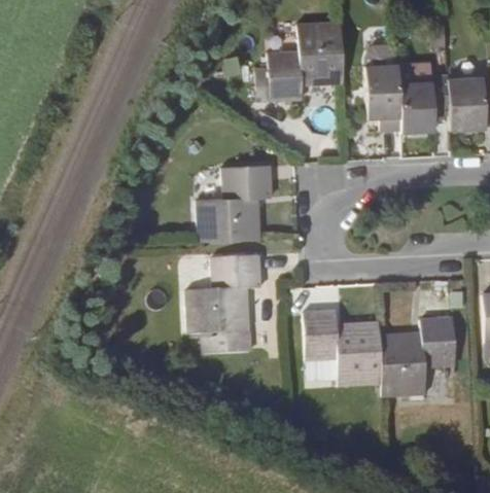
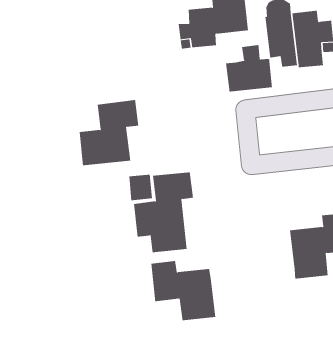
building: none -> [226,44,273,92]
building: [197,165,273,244] -> [79,100,139,166]
building: [304,311,382,387] -> [151,260,216,321]

